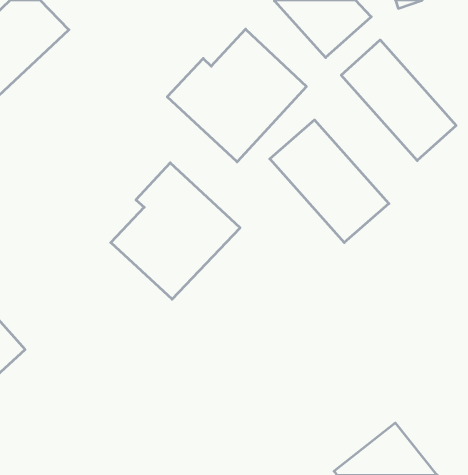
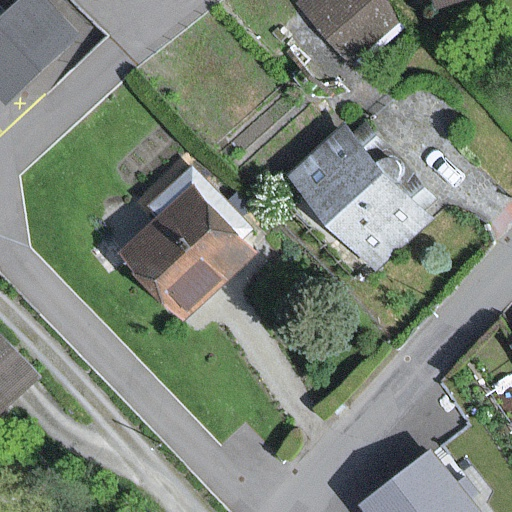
building: [167,29,306,162] -> none
building: [341,40,456,161] -> none

